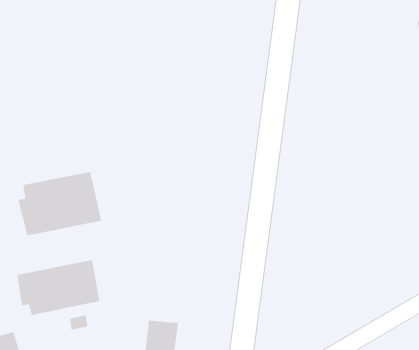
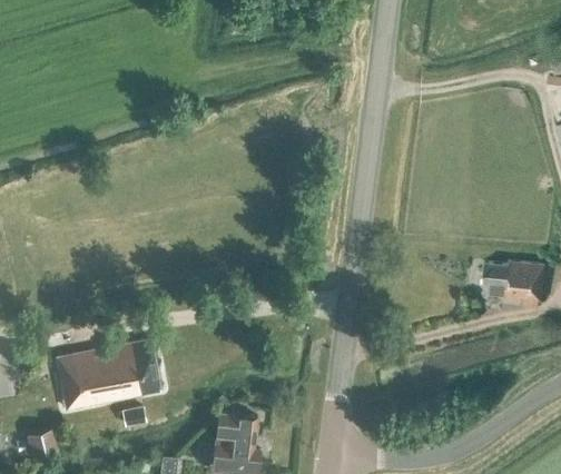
building: [18,171,102,236] -> none
building: none -> [482,263,545,308]

